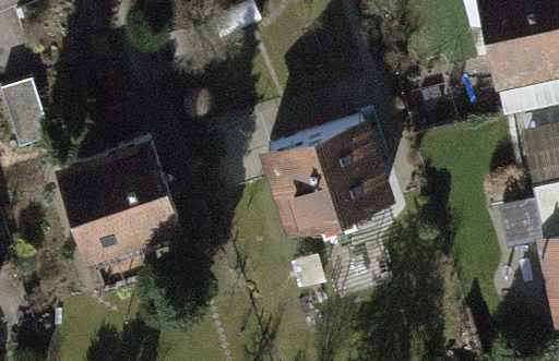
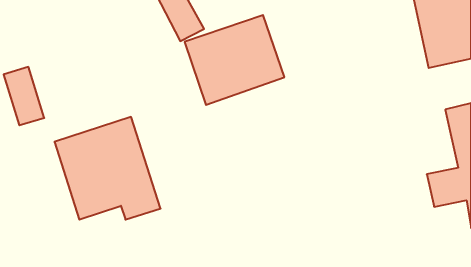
building: [276,136,394,242] -> [185,15,284,105]

